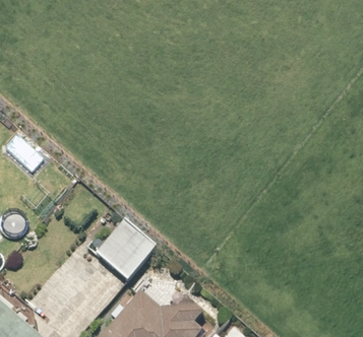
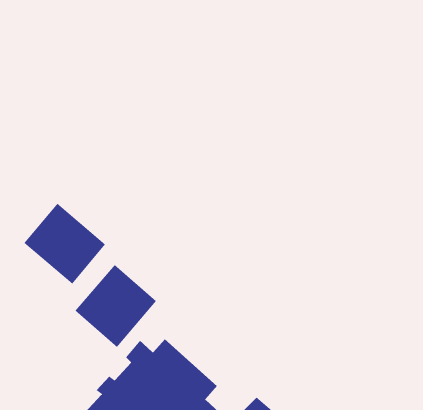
building: none -> [24,203,106,285]

